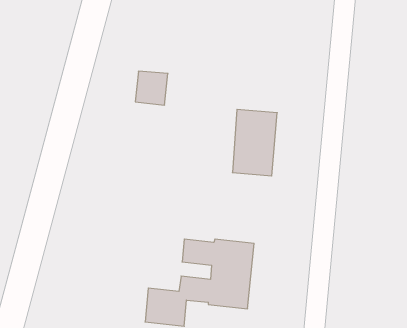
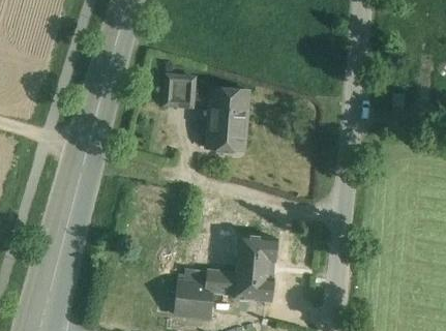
building: [232,109,277,176] -> [207,88,249,151]

